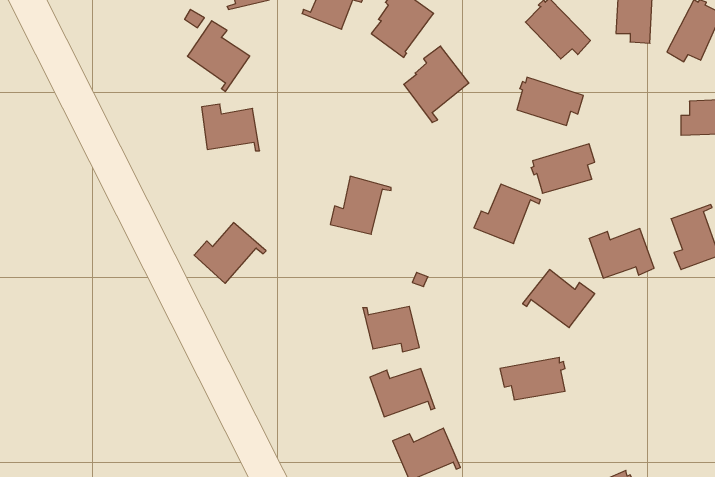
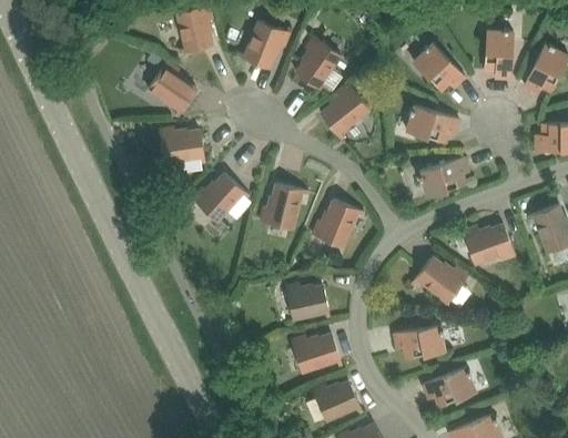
building: [474,184,540,244] -> [313,200,365,246]
building: [194,223,266,283] -> [193,173,250,221]
building: none -> [423,367,476,407]

